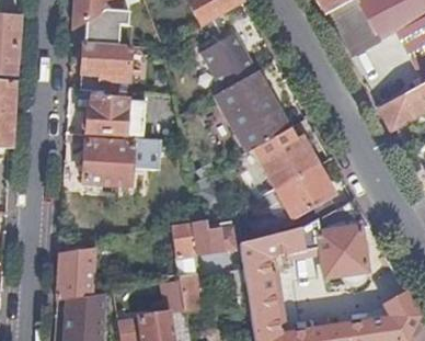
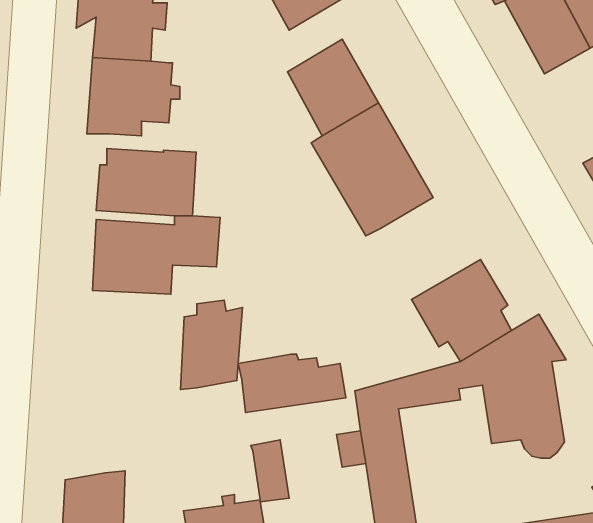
building: [256,127,317,189] -> none
building: [57,245,94,298] -> [180,300,242,390]

